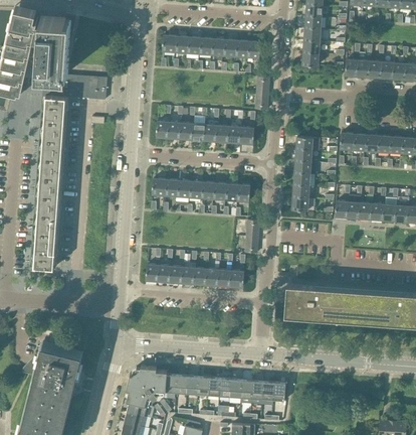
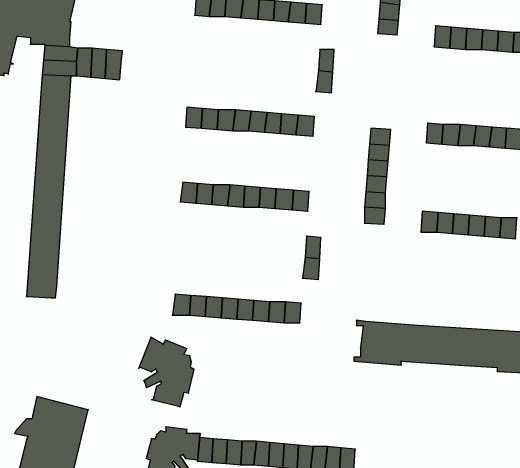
building: none -> [139,337,194,407]

